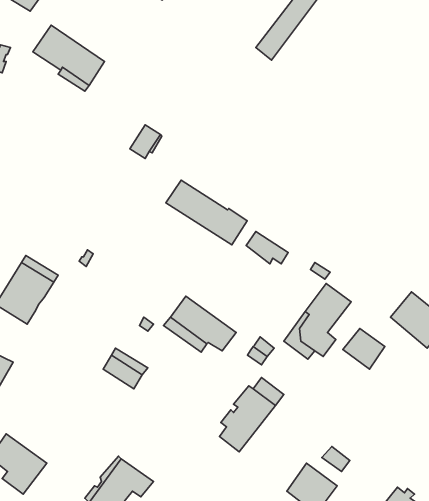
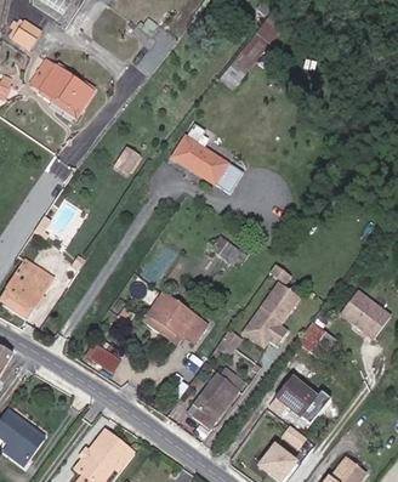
building: [166,180,247,245] -> [172,136,243,192]
building: none -> [271,375,335,427]

